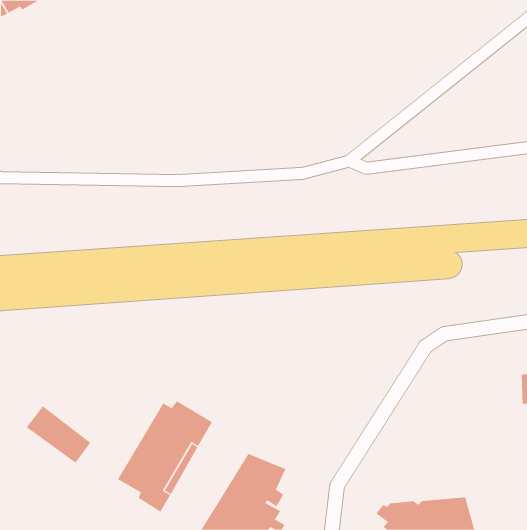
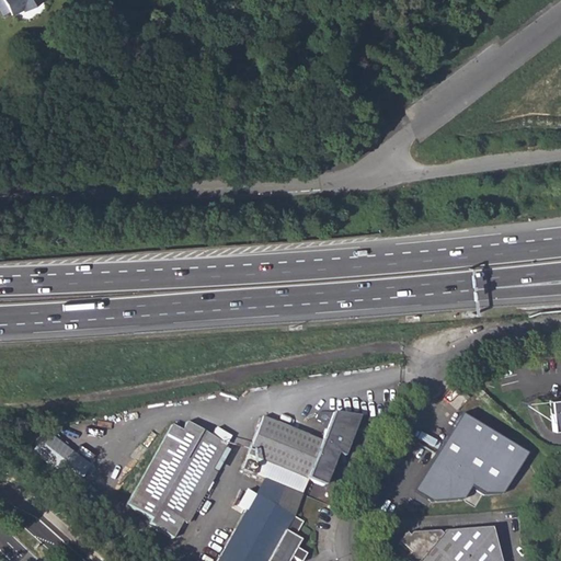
building: none -> [422,410,529,496]
building: none -> [251,414,362,495]

